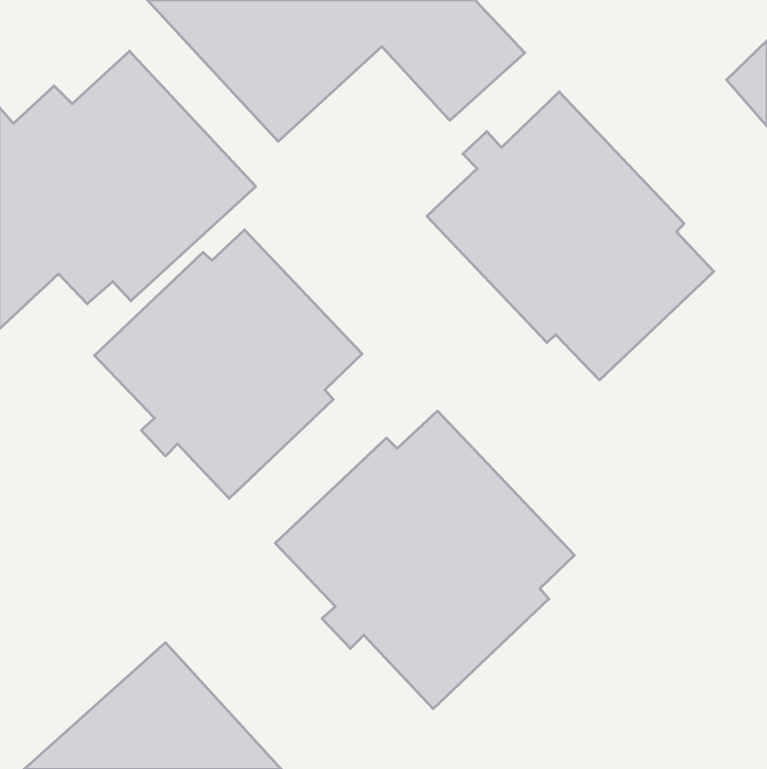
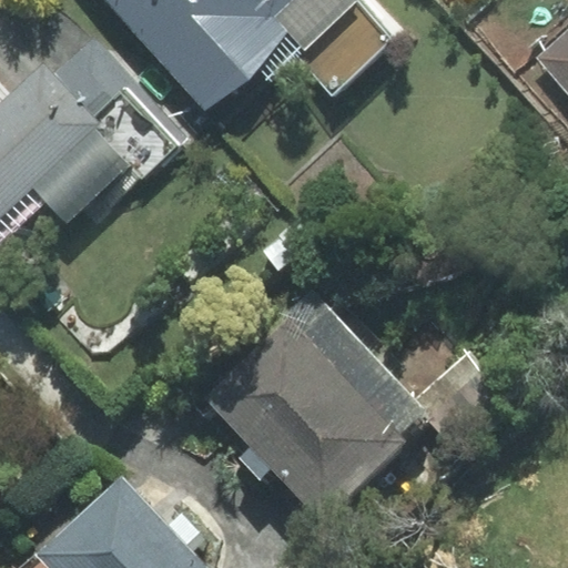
building: [427,92,714,380] -> none
building: [94,230,362,499] -> none

